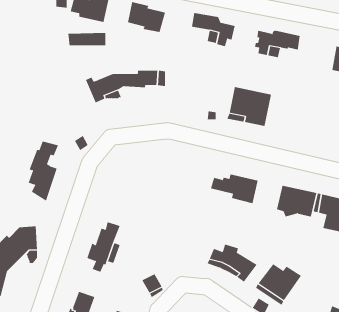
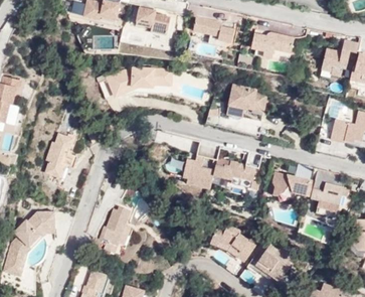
building: none -> [182,145,218,189]

